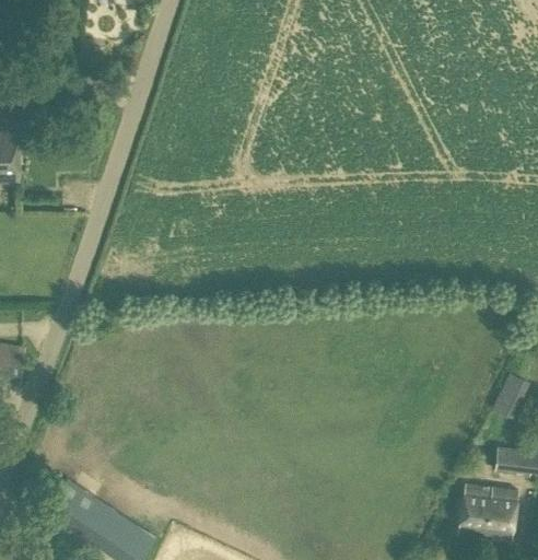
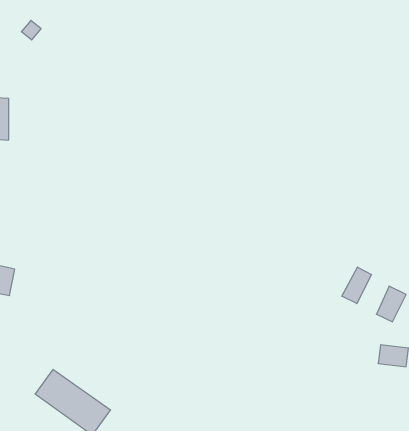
building: none -> [342,267,371,304]
building: [458,486,516,545] -> none

